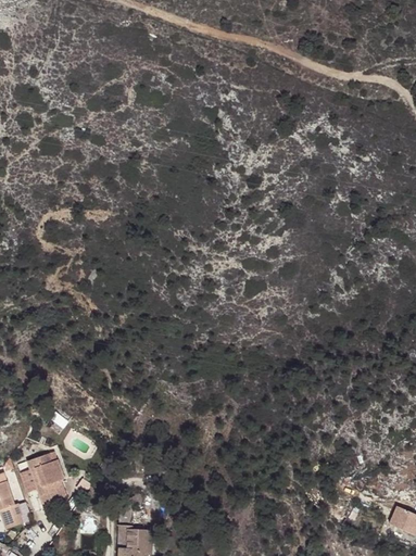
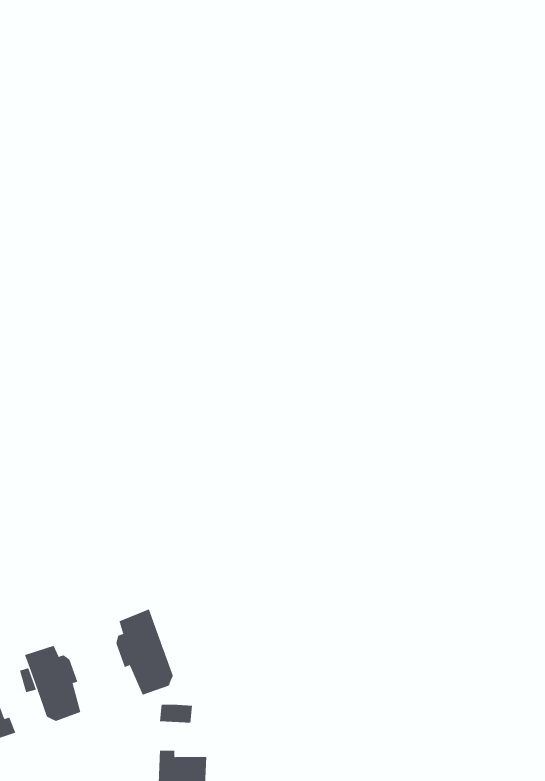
building: none -> [116,608,173,695]

